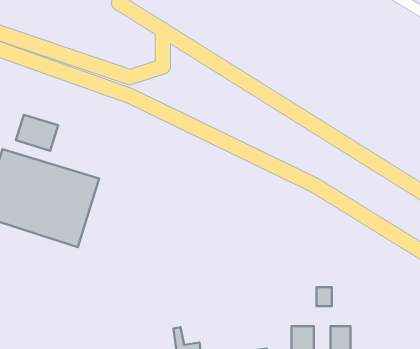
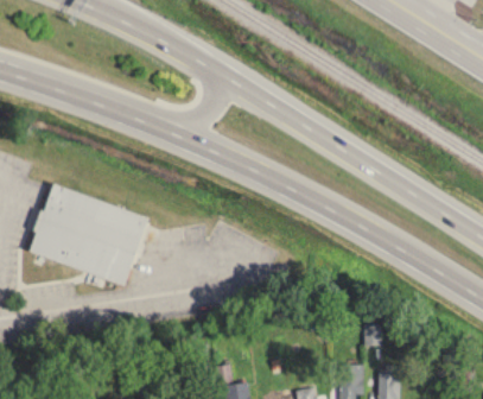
building: [16,115,58,151] -> none

